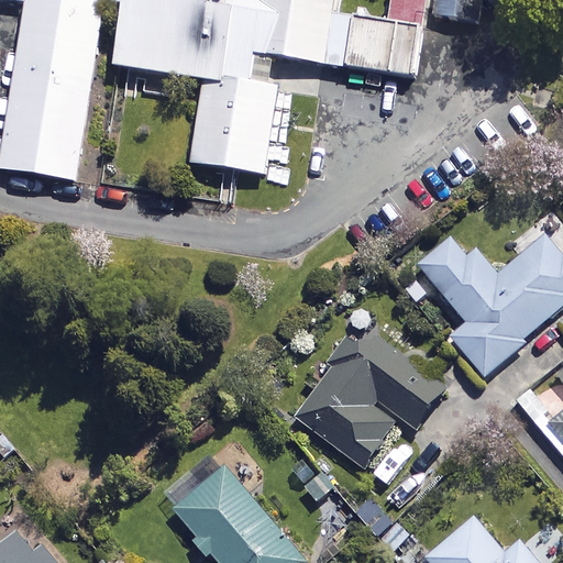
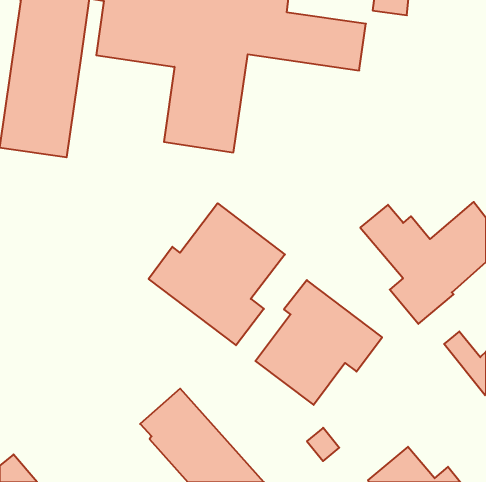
building: none -> [149,203,285,345]

